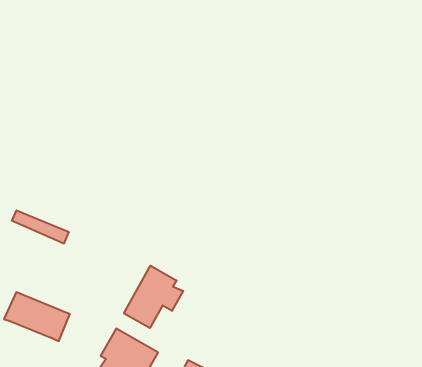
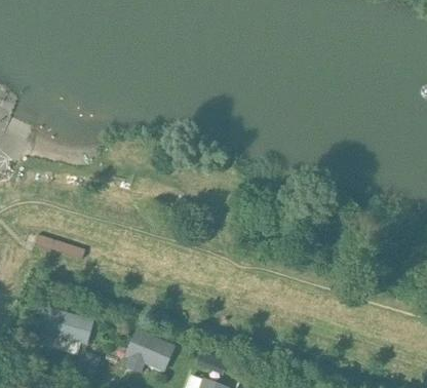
building: [124,266,183,328] -> none

